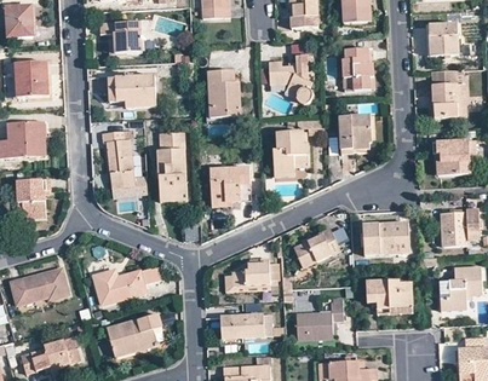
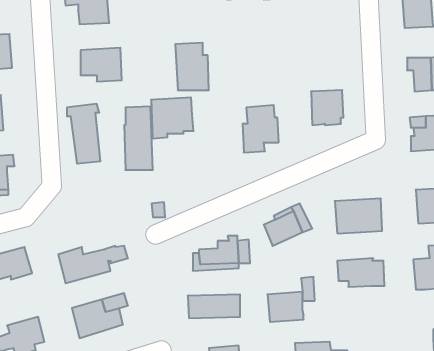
building: [341,48,372,90] -> none
building: [268,56,311,104] -> none
building: [209,167,251,207] -> [151,97,194,138]

